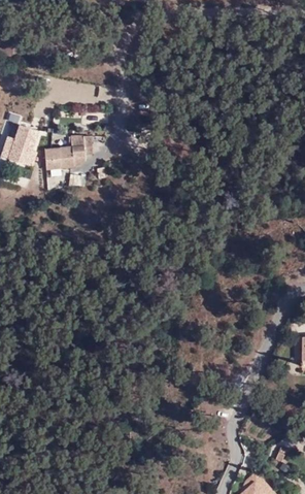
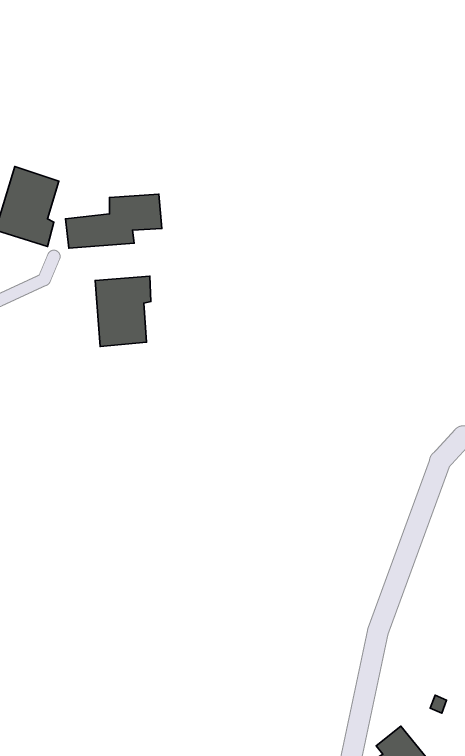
building: none -> [95,276,151,347]

